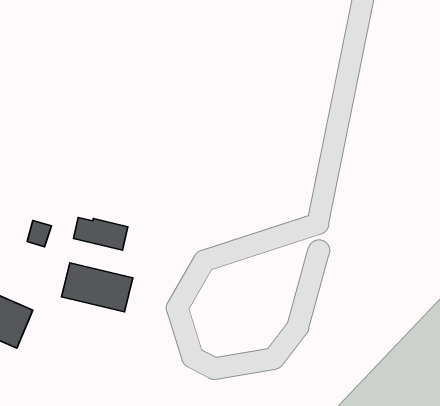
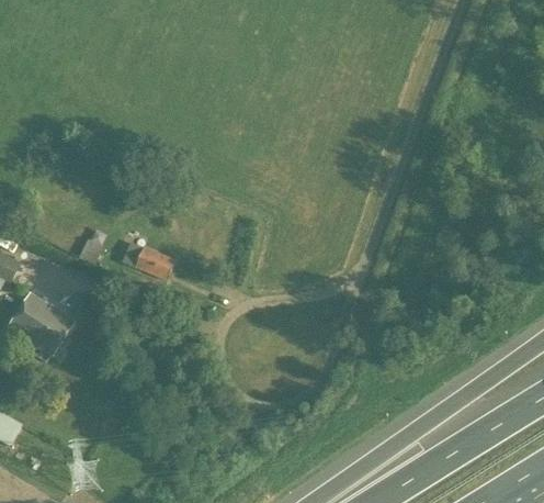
building: [61,263,133,312] -> none

